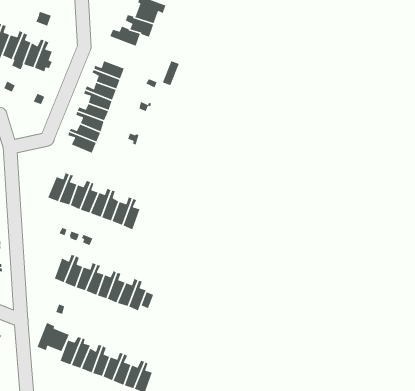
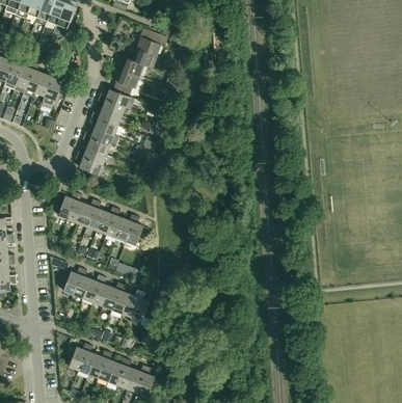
building: none -> [111,66,138,93]
building: [36,322,70,352] -> none

